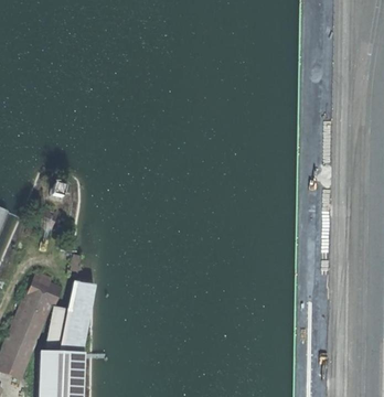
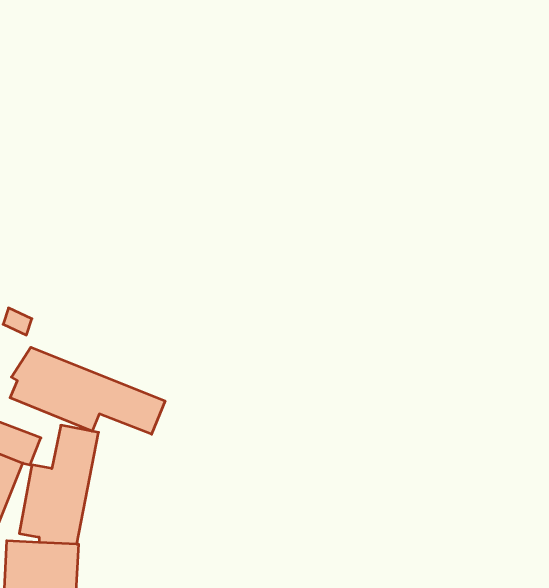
building: none -> [10,347,165,434]

